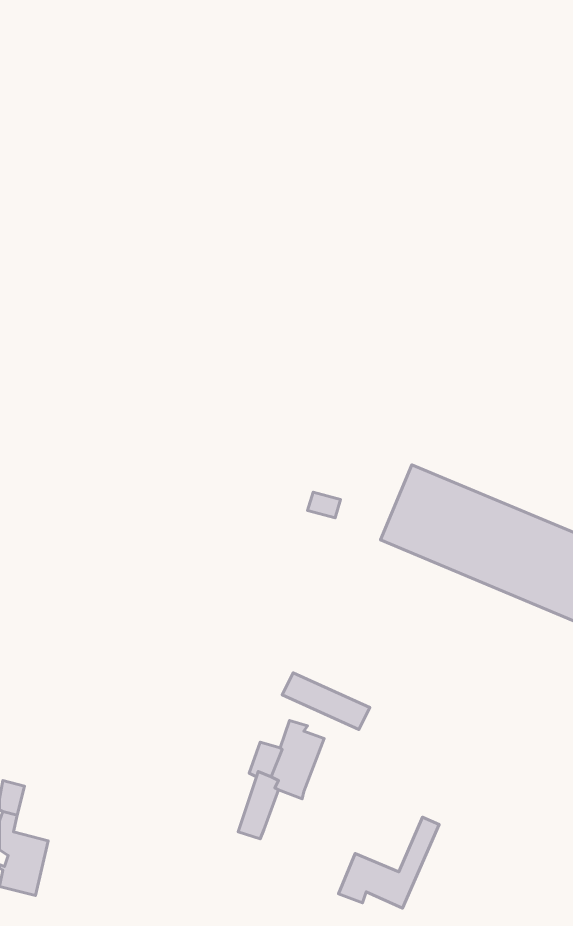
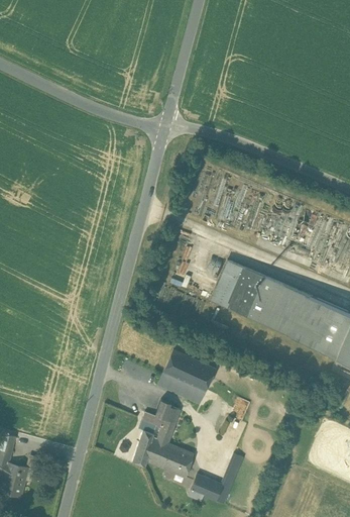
building: none -> [162,352,216,395]
building: none -> [146,440,193,480]

